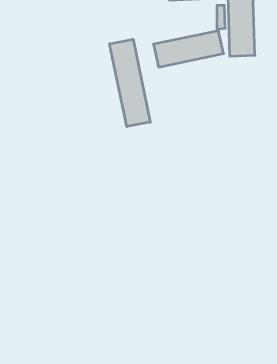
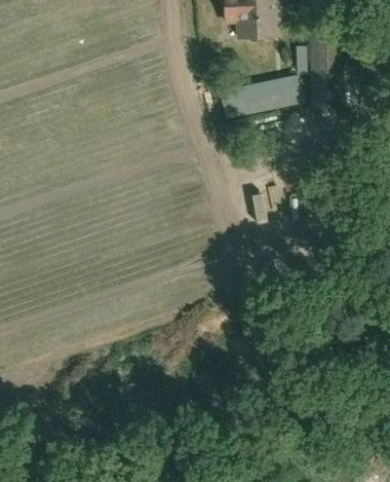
building: [110,39,150,127] -> none

